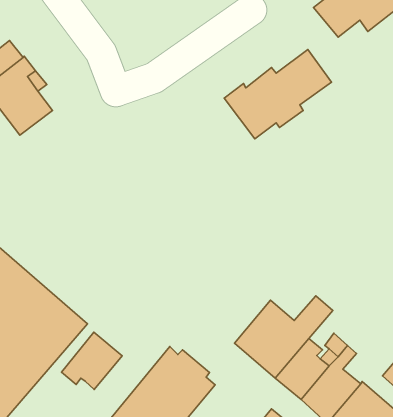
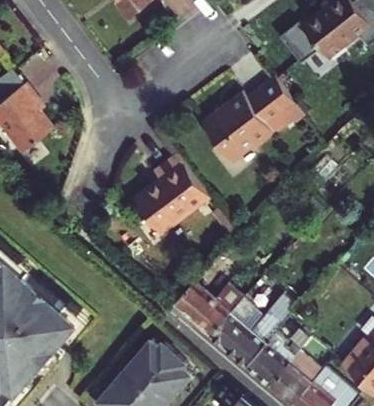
building: none -> [132,155,208,235]
building: none -> [172,283,242,337]
building: [61,332,122,389] -> none

